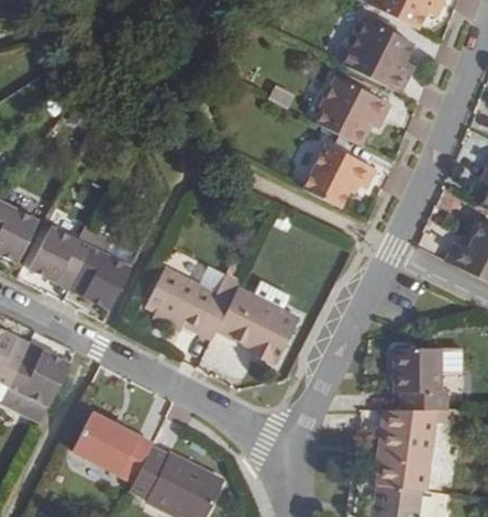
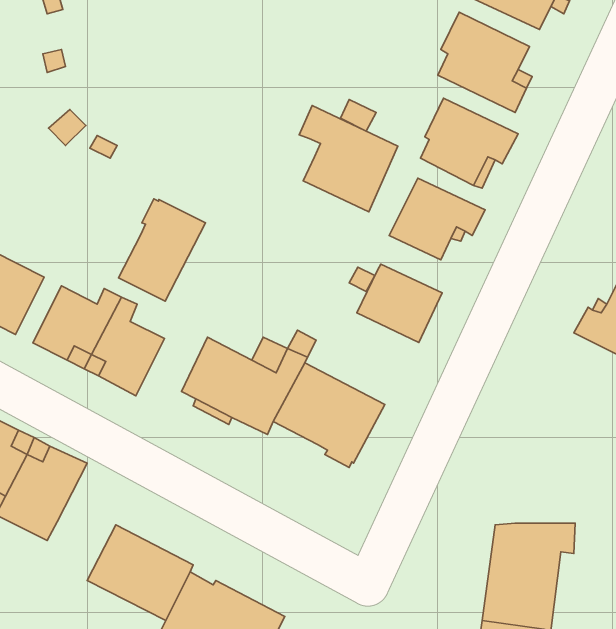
building: none -> [299,105,398,212]
building: none -> [118,199,206,301]
building: none -> [357,264,442,342]
building: [392,347,462,408] -> none

